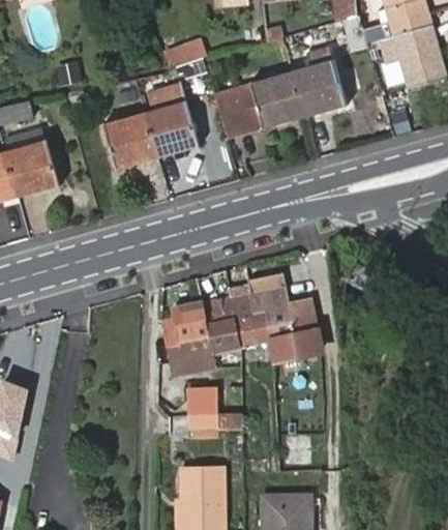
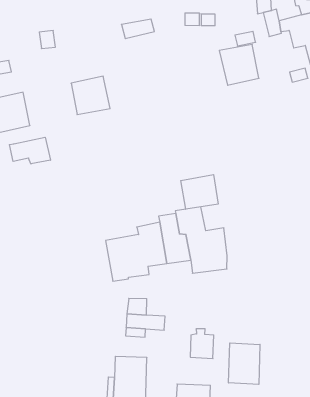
building: [215,71,304,136] -> none
building: [146,84,197,154] -> none
building: none -> [9,137,50,164]
building: none -> [181,175,218,209]
building: none -> [229,343,260,384]

